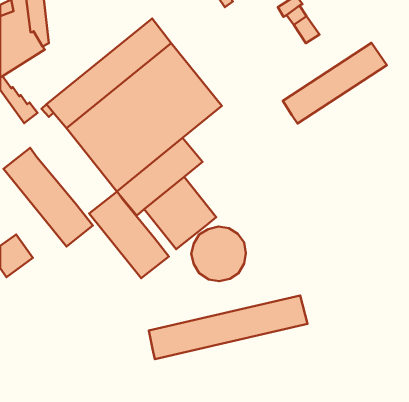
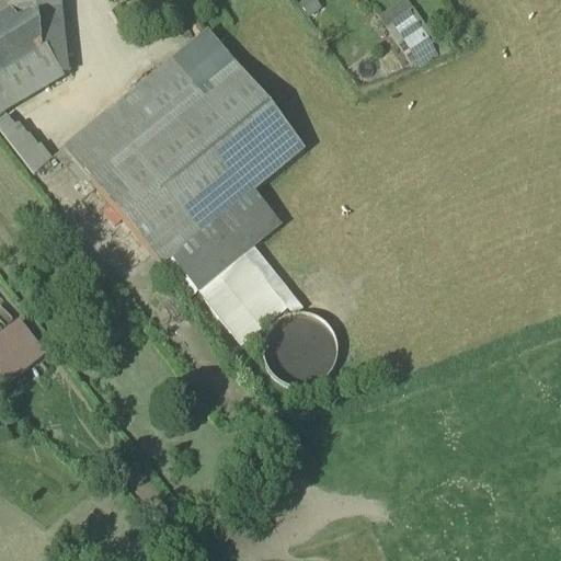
building: [283,43,387,124] -> none
building: [4,148,93,247] -> none
building: [89,192,169,278] -> none
building: [149,295,307,359] -> none

